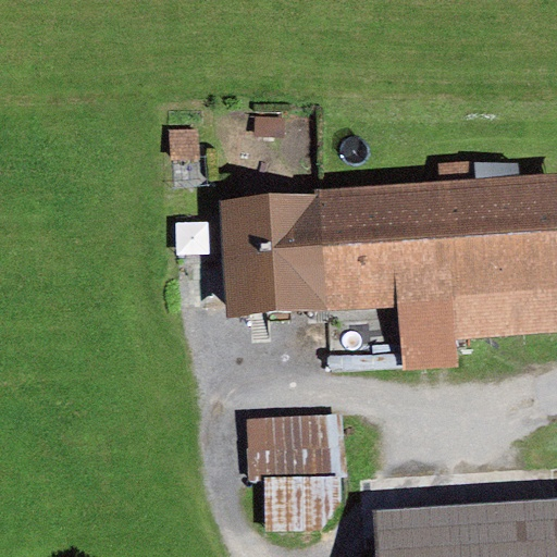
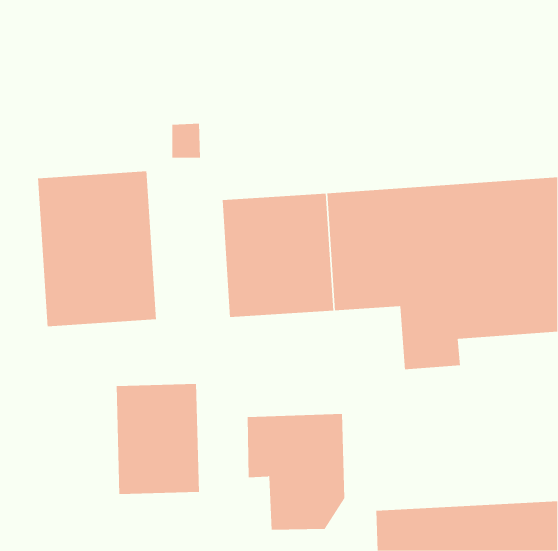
building: none -> [37,171,156,327]
building: none -> [116,383,199,495]

